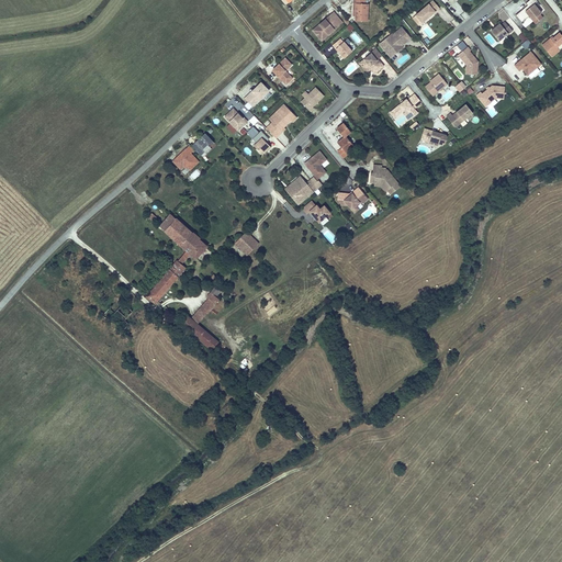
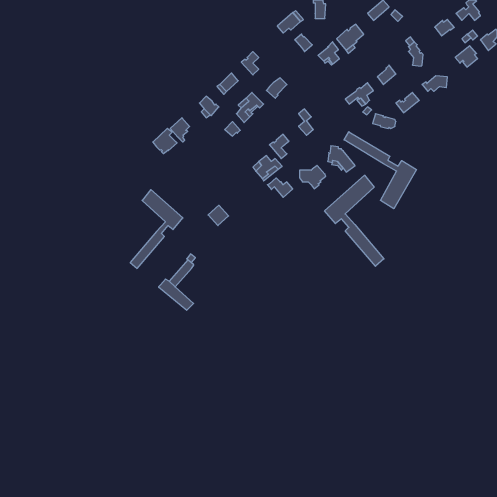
building: none -> [344,132,416,209]
building: none -> [325,175,384,266]

